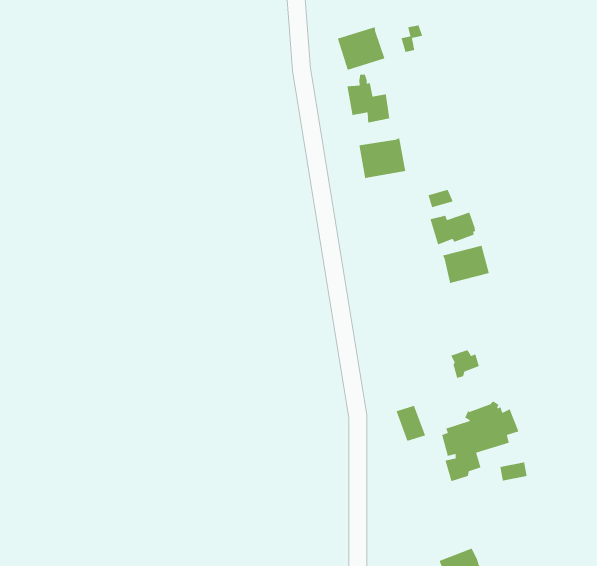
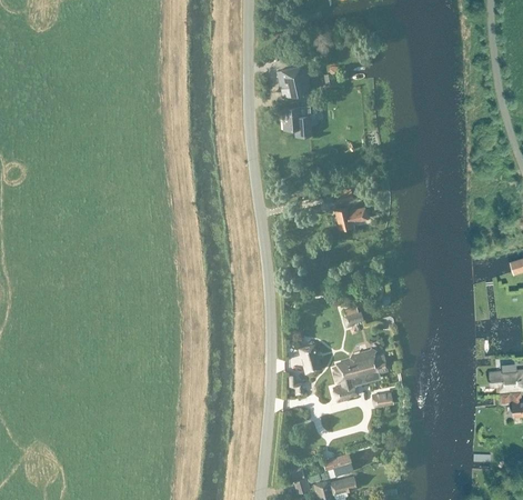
building: [359,137,406,179] -> none
building: [442,245,490,284] -> none

